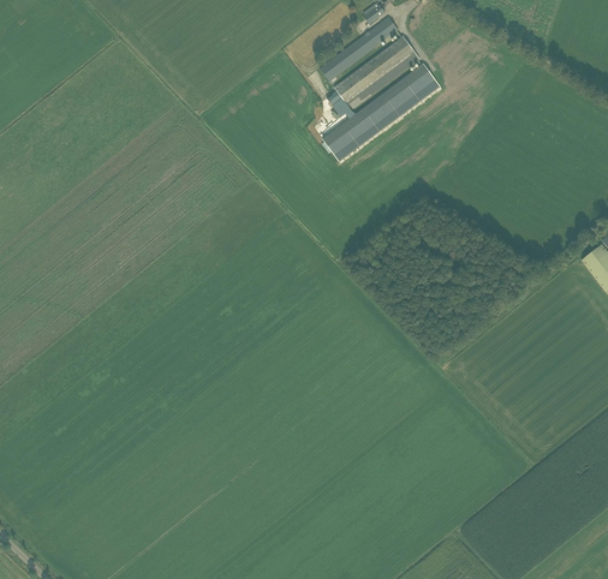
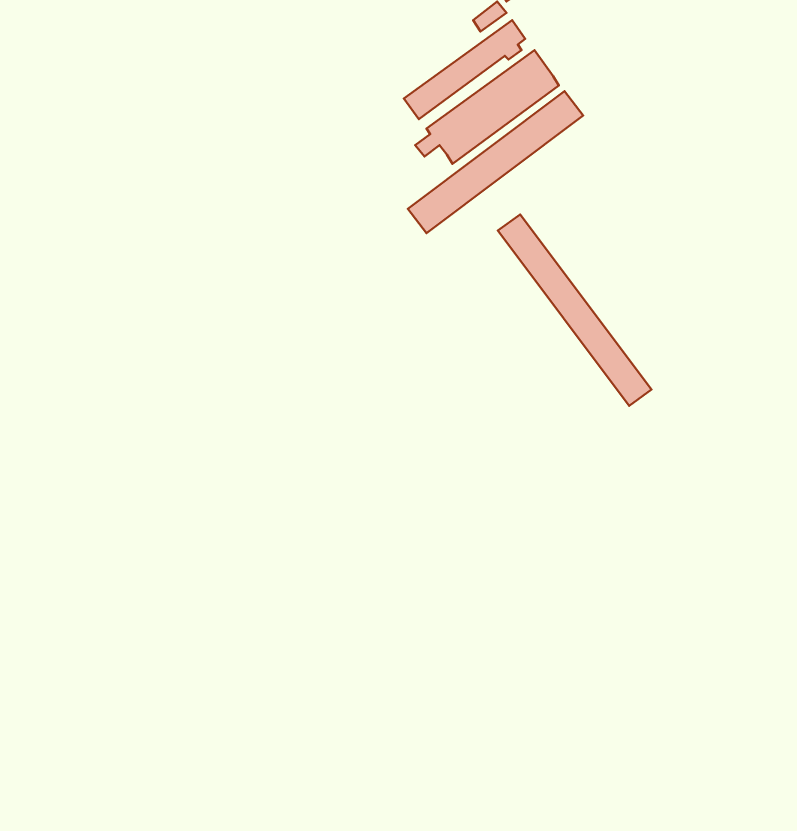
building: none -> [498,215,651,406]

